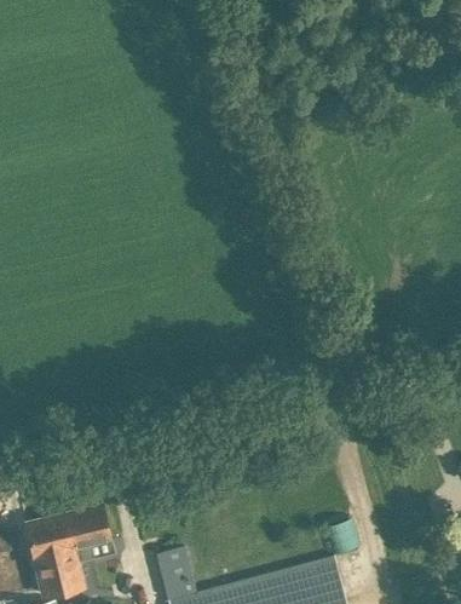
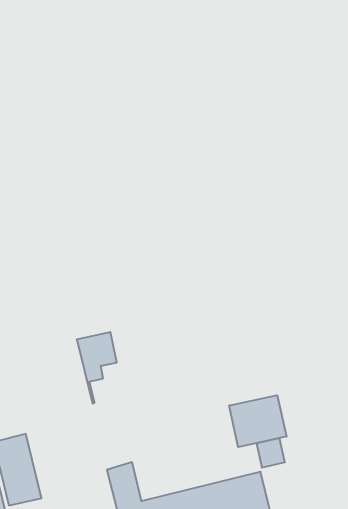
building: none -> [229,395,287,447]
building: [63,507,109,589] -> [77,332,117,404]

